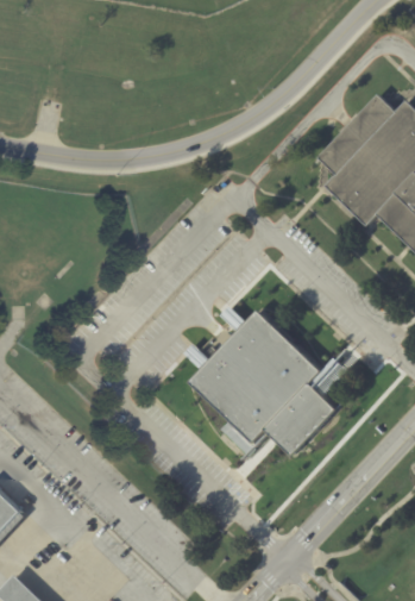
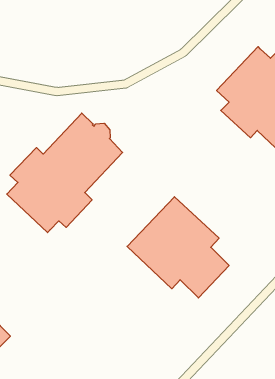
building: none -> [7,113,123,233]

